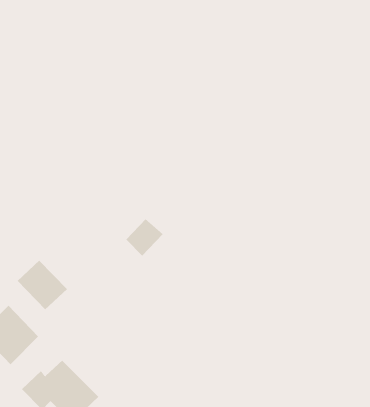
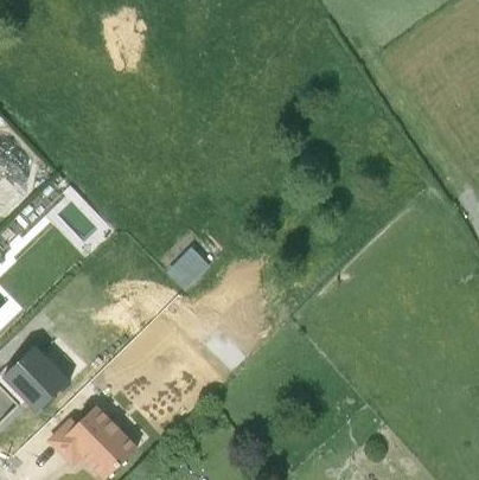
building: [17,260,68,310] -> none

